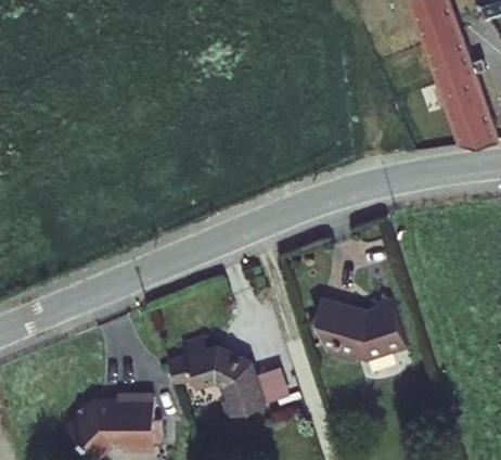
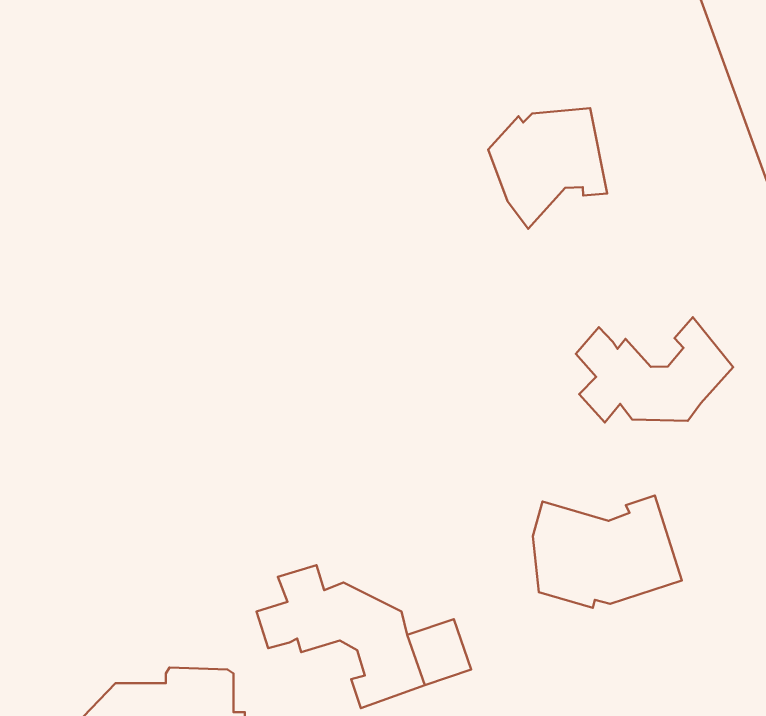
building: none -> [488,108,607,229]
building: none -> [576,317,733,422]

